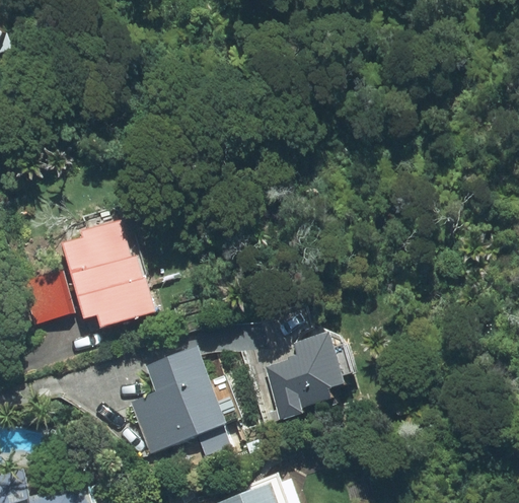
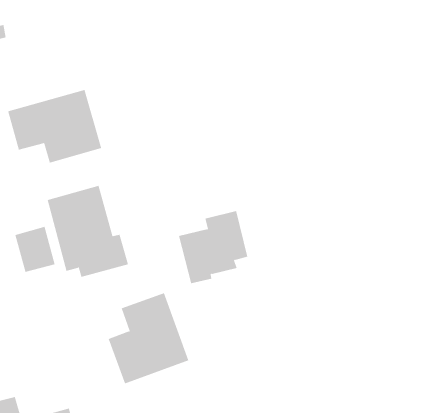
building: none -> [7,89,102,163]
building: [265,335,346,420] -> [178,211,248,284]

